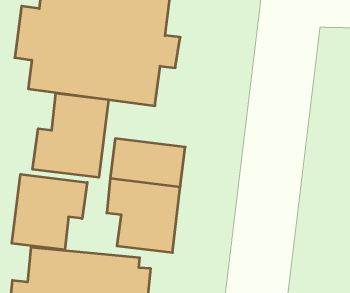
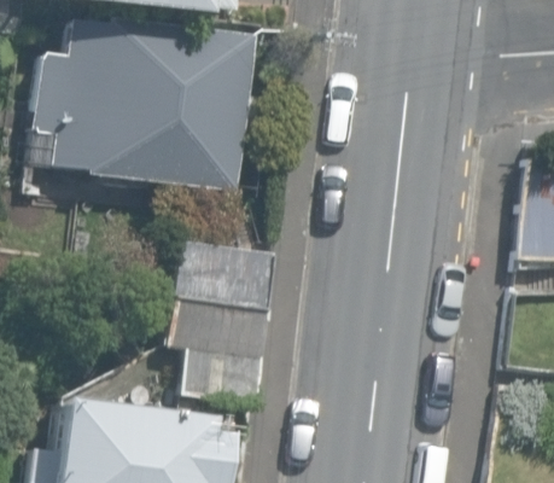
building: [33,93,108,177] -> none
building: [12,174,87,250] -> none

